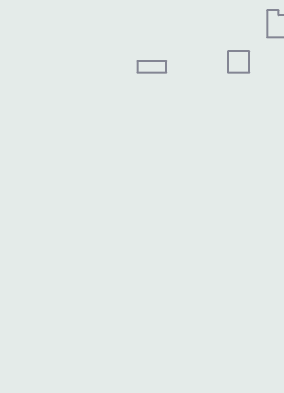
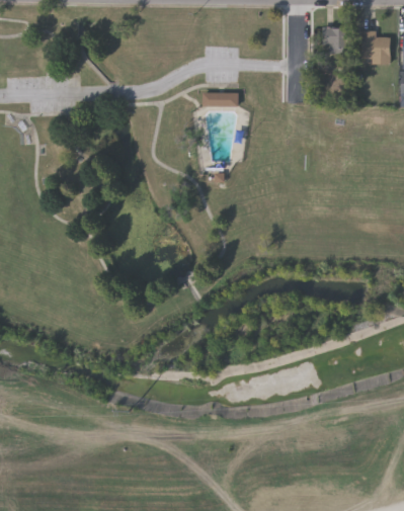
building: [228,51,249,73] -> [323,28,349,55]

